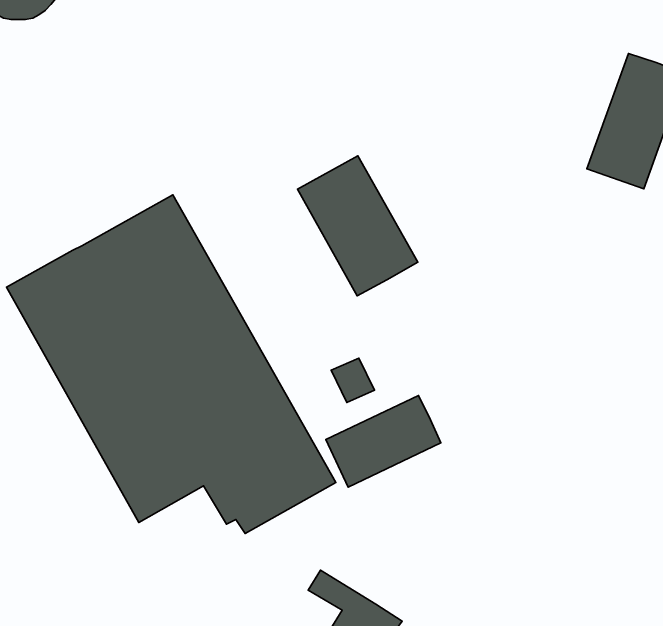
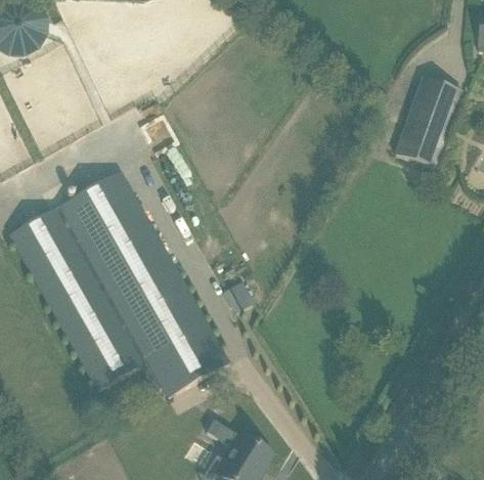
building: [297,156,418,296] -> none
building: [326,395,441,487] -> none

